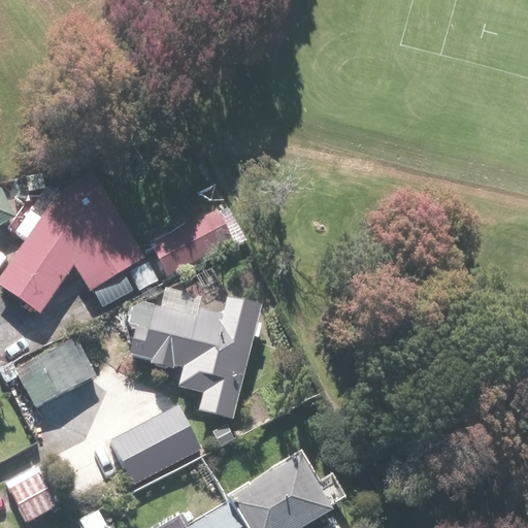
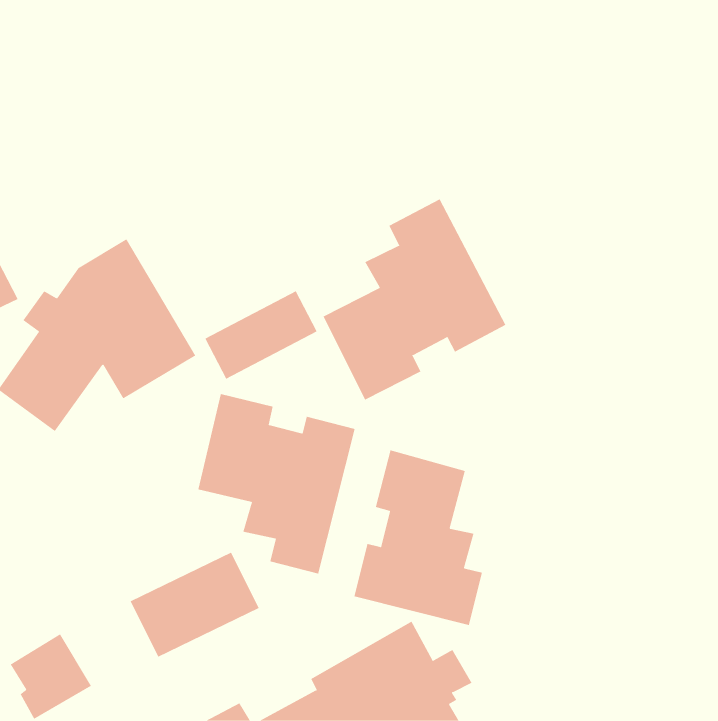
building: none -> [323,198,506,400]
building: none -> [354,450,482,626]
building: [25,338,93,400] -> none

